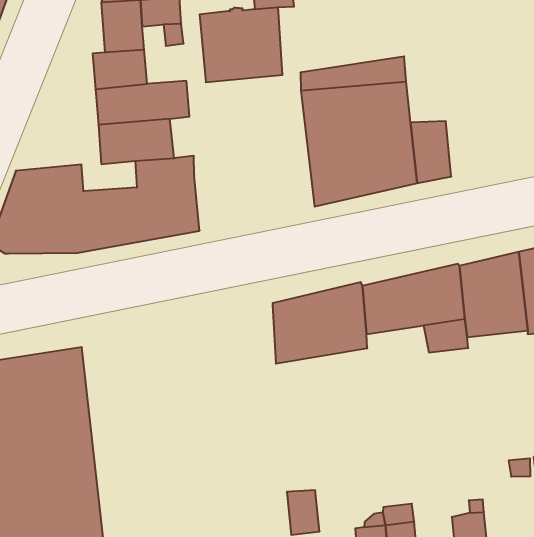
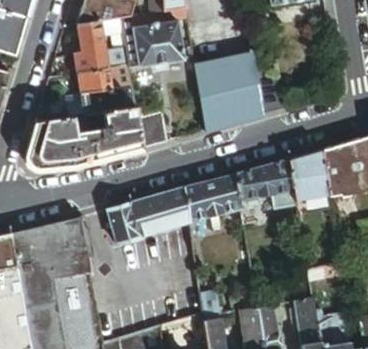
building: none -> [136,113,168,150]
building: none -> [109,189,189,245]

